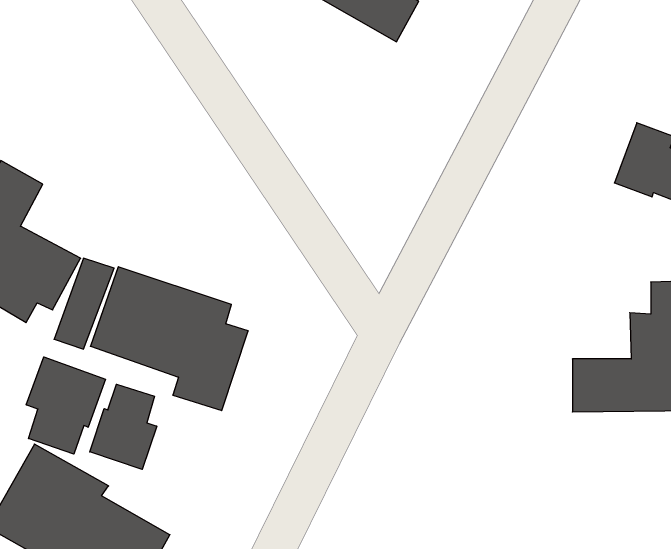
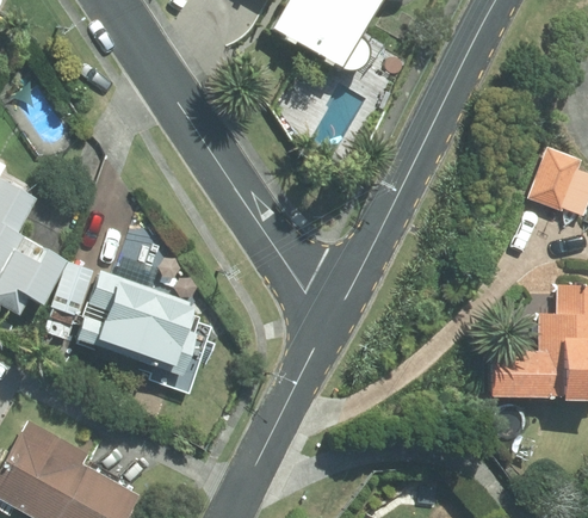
building: [26,357,106,454] -> none
building: [90,384,157,469] -> none

